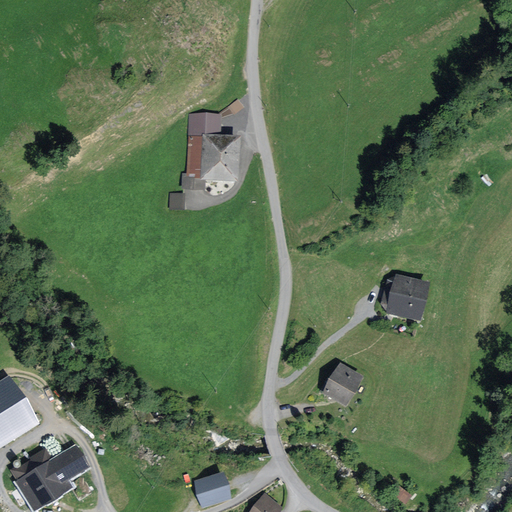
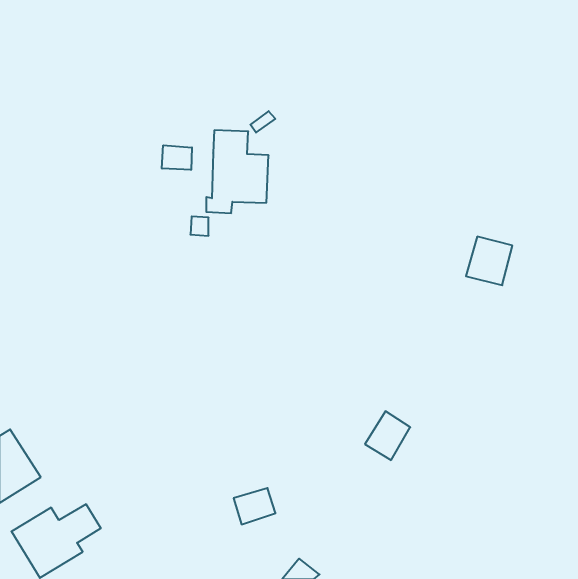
building: none -> [162,145,192,170]
building: [387,275,428,318] -> [466,237,512,285]
building: [194,474,231,506] -> [234,488,276,524]

